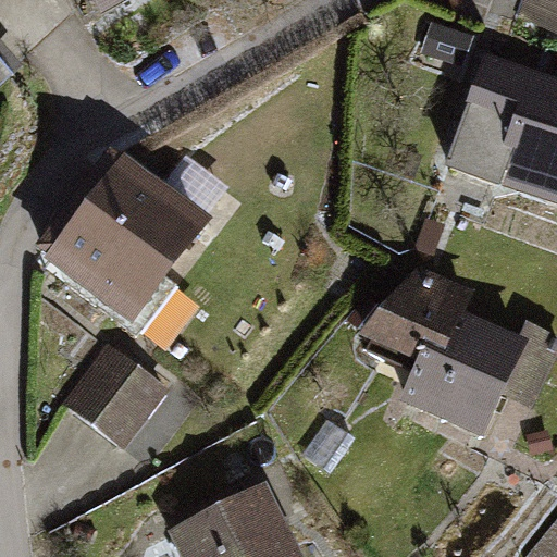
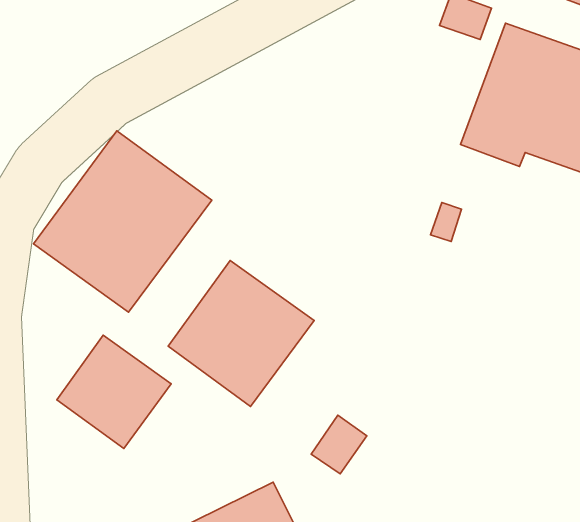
building: none -> [168,261,314,407]
building: [384,275,537,441] -> none

